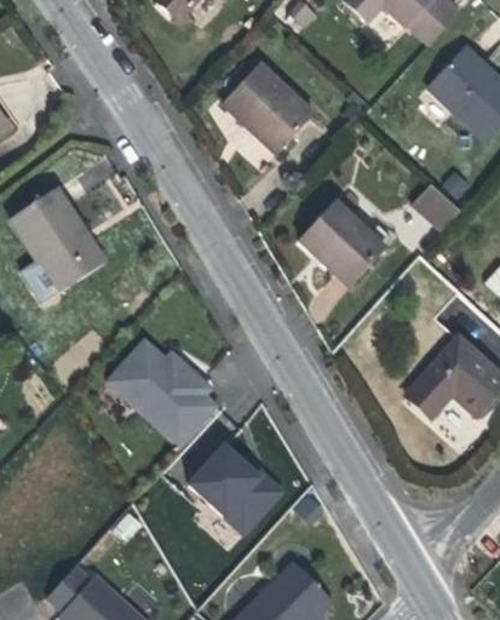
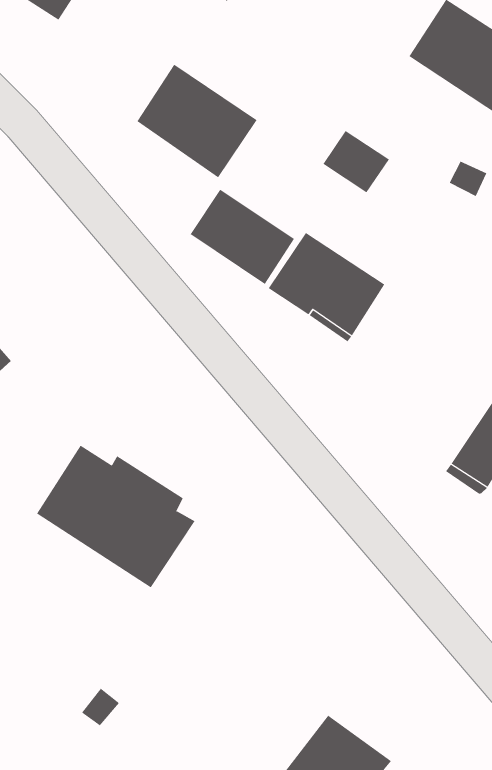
building: none -> [190,189,295,285]
building: [410,183,460,231] -> [322,130,390,193]
building: [180,432,286,533] -> none

